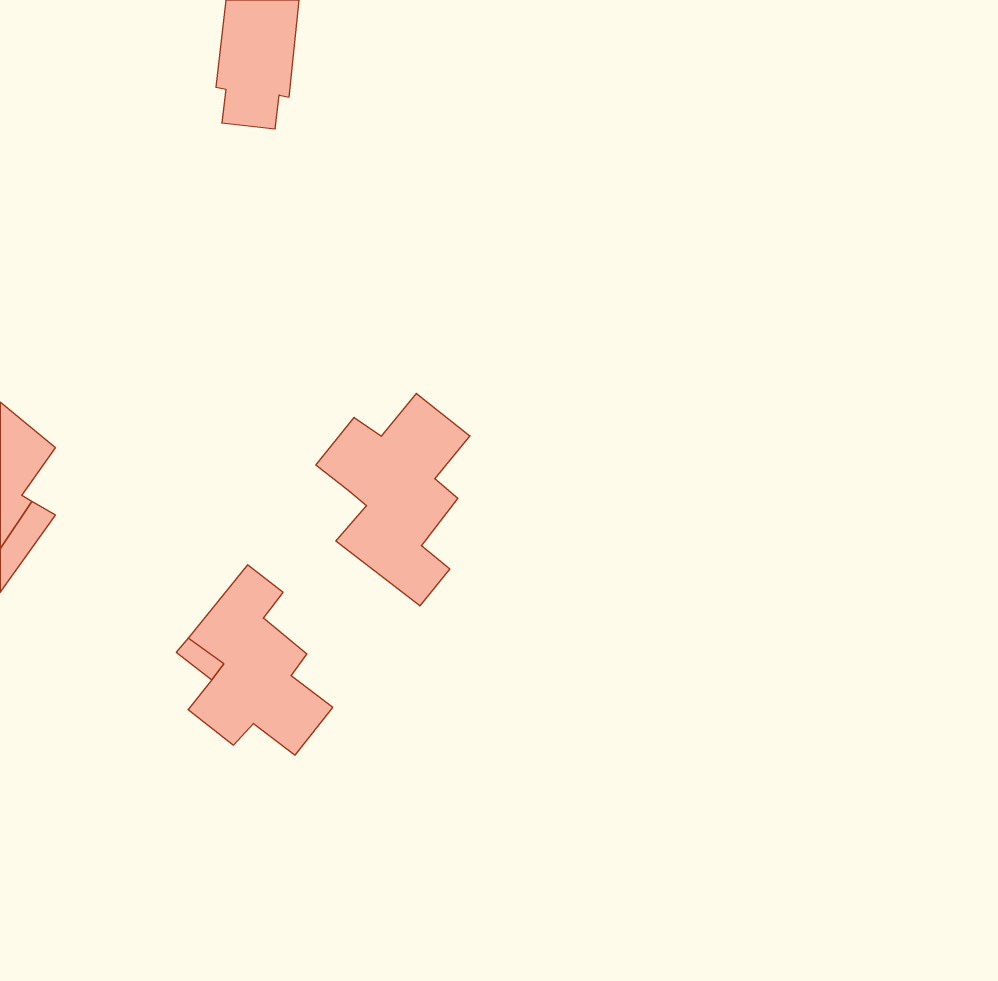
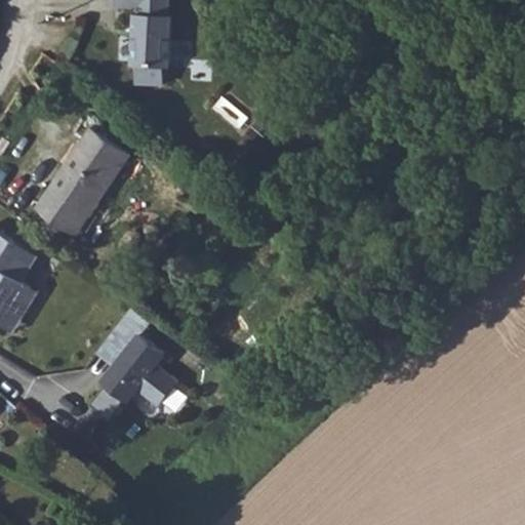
building: none -> [38,121,131,231]
building: [316,393,470,606] -> none

